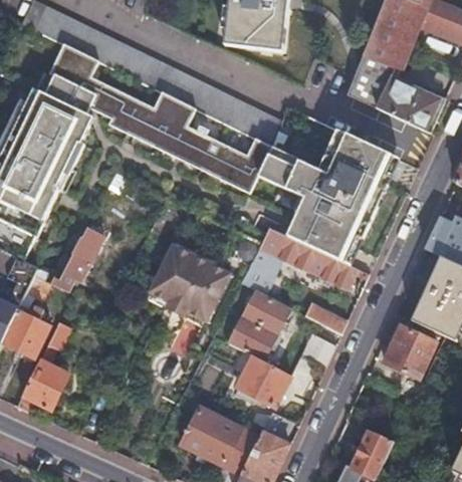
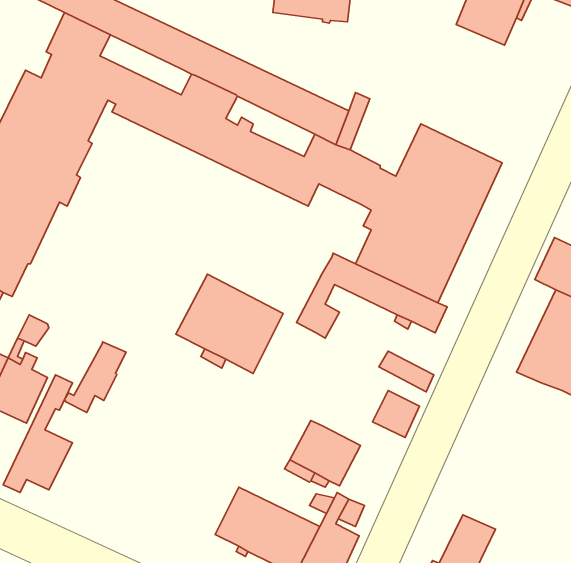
building: [346,52,444,133] -> none
building: [52,237,99,291] -> [65,342,126,412]
building: [226,289,290,360] -> none
building: [382,317,436,378] -> none

